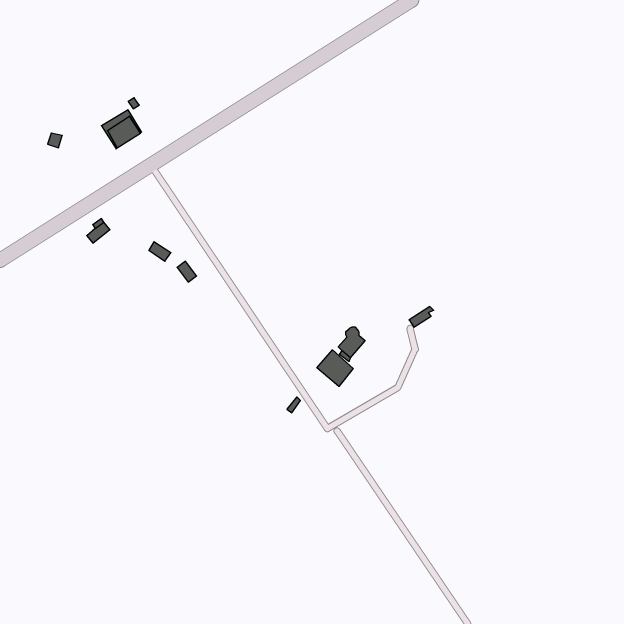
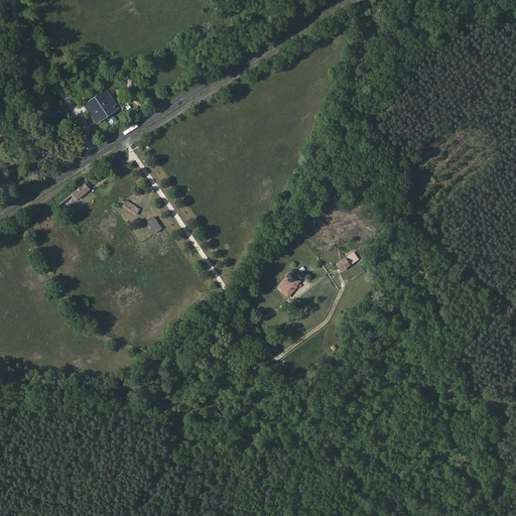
building: [317,350,353,386] -> none

